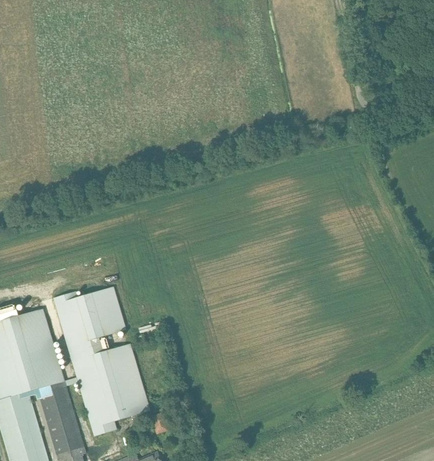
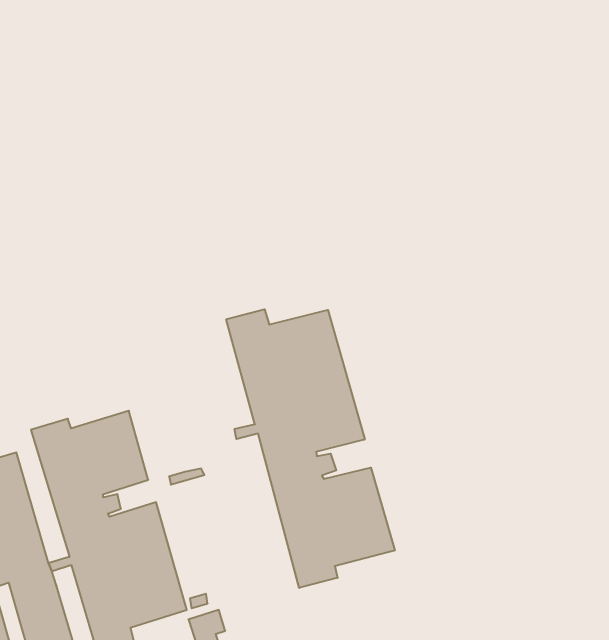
building: none -> [226,309,395,588]

